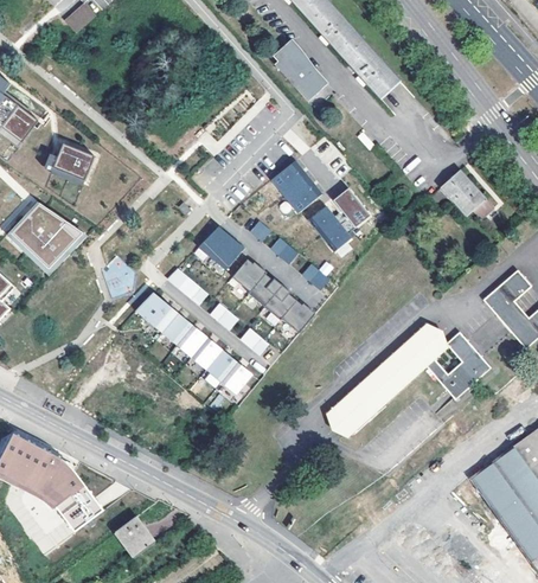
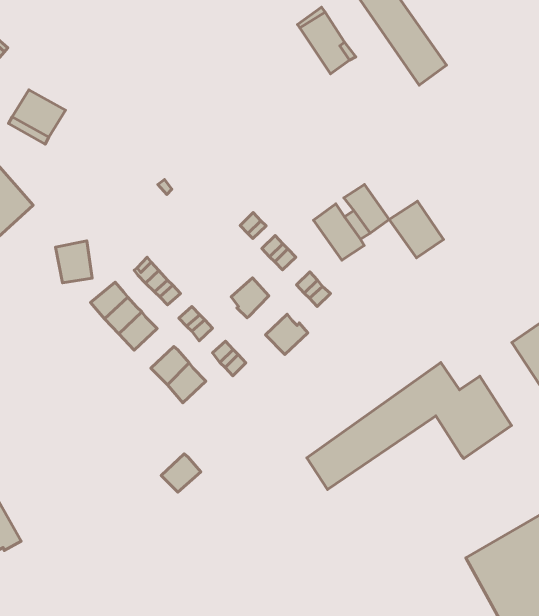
building: [270,159,320,211] -> none
building: [438,169,485,216] -> [389,201,443,258]
building: [197,226,244,269] -> none
building: [231,257,265,290] -> none
building: [264,286,296,318] -> none
building: [175,323,207,357] -> none
building: [220,361,252,393] -> [161,454,201,492]
building: [114,515,154,556] -> none

